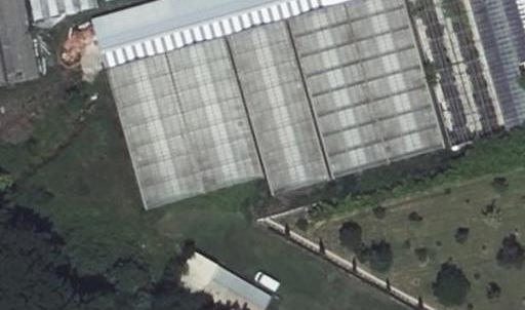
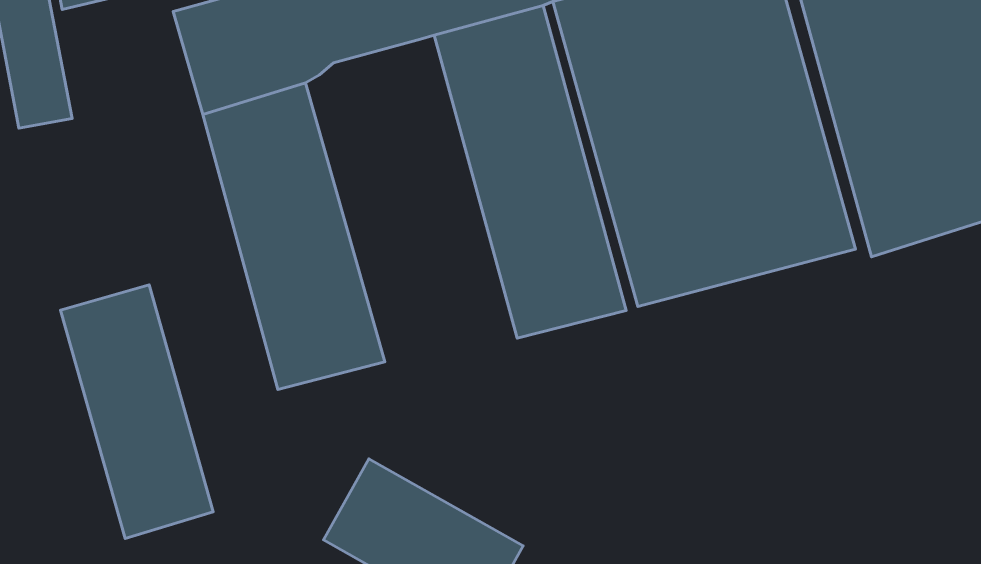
building: [167,35,260,200] -> none
building: none -> [61,285,213,538]

